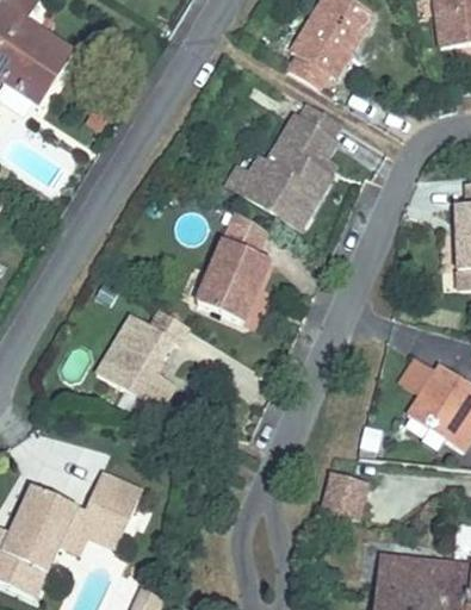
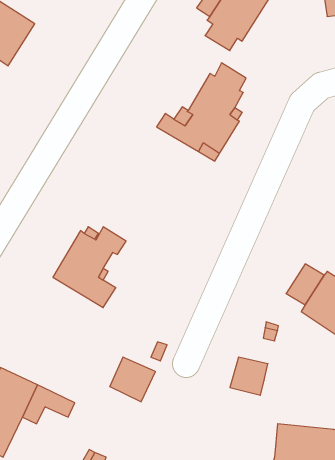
building: [196,212,269,322] -> none
building: [85,473,142,529] -> [110,357,155,402]

